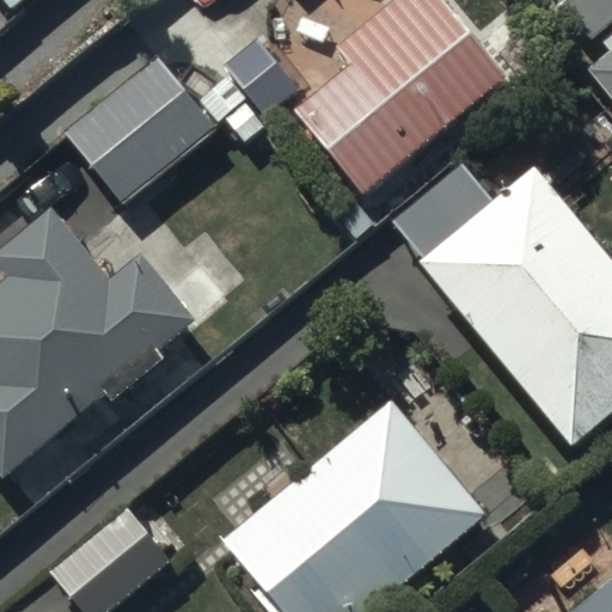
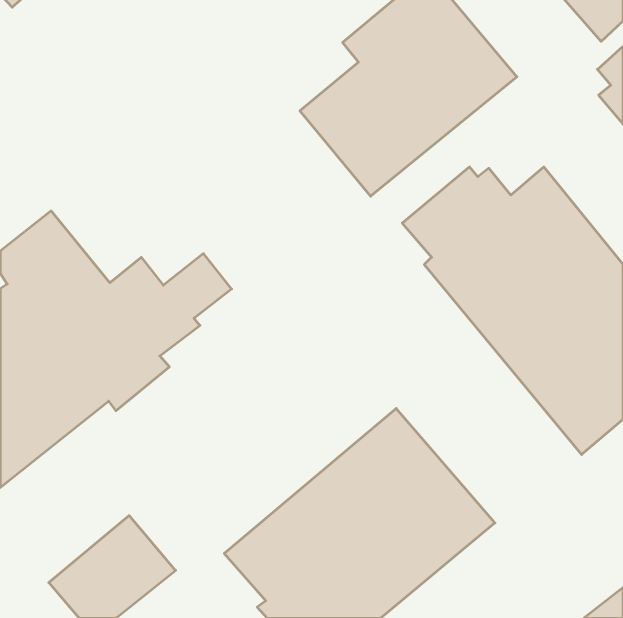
building: [63,56,215,204] -> none

